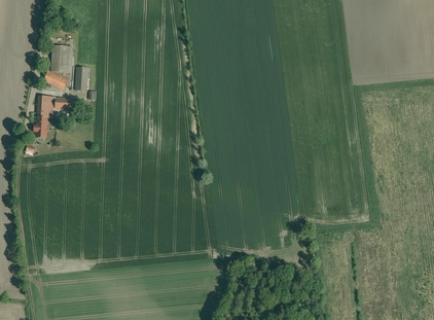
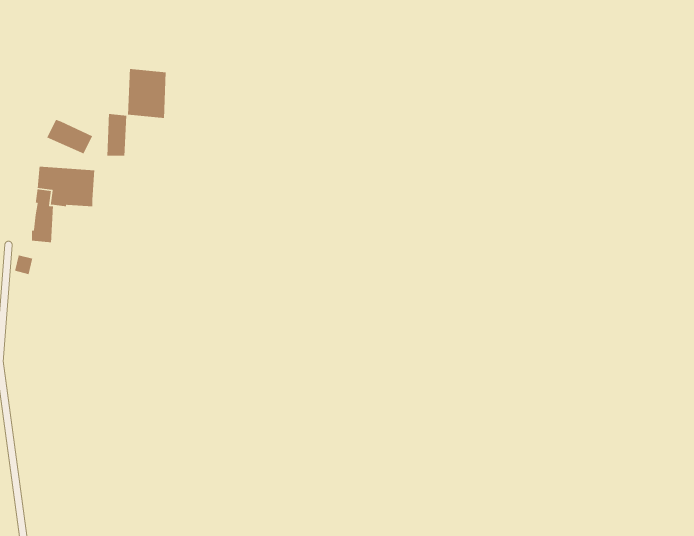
building: [51,45,73,73] -> [127,68,167,119]

